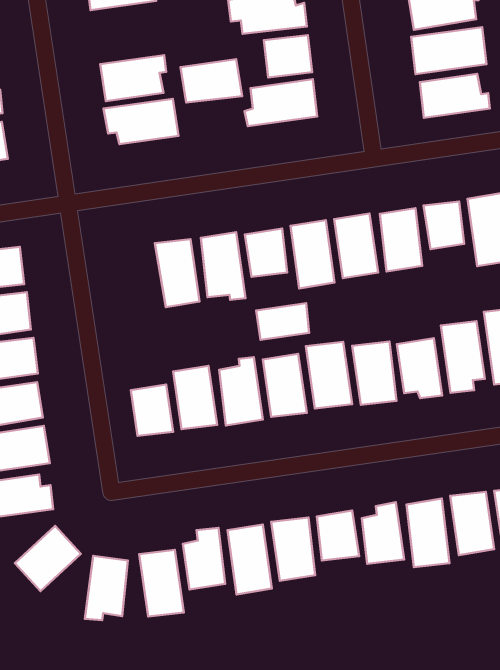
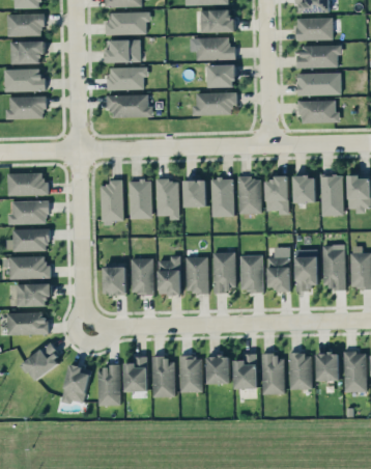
building: [180,59,242,103] -> [106,39,141,62]
building: none -> [102,180,123,225]
building: [256,303,309,340] -> none

